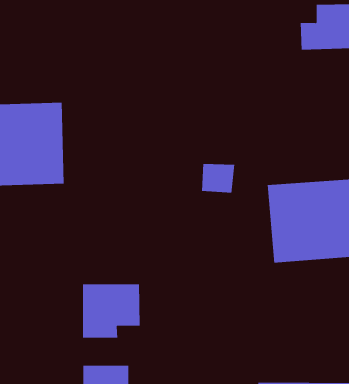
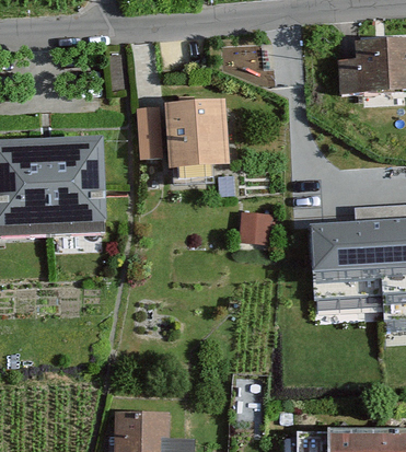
building: none -> [139,98,224,162]
building: [83,283,140,339] -> none

